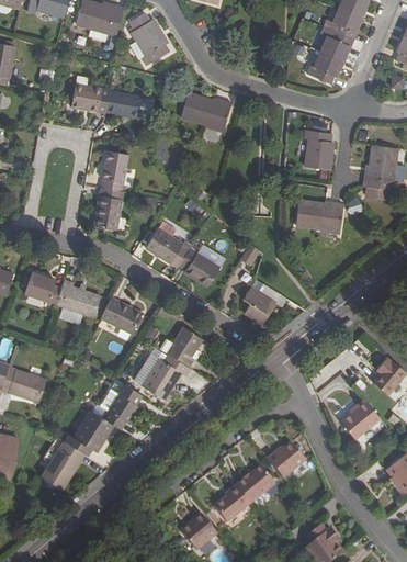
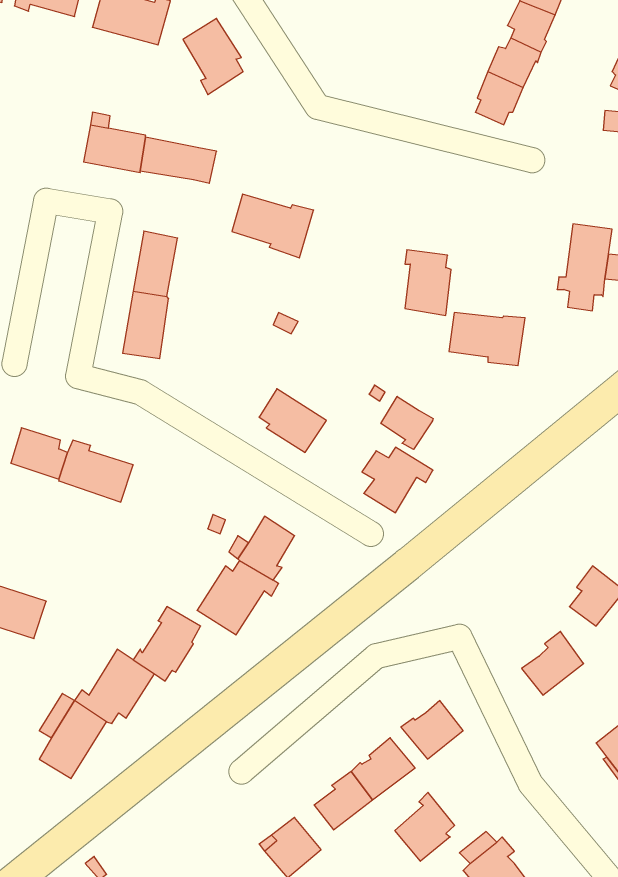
building: [181,92,231,132] -> [232,194,314,258]
building: [305,130,333,170] -> [405,250,451,315]
building: [145,227,190,267] -> none
building: none -> [381,396,433,449]
building: [100,296,143,334] -> none
building: none -> [395,792,455,861]

